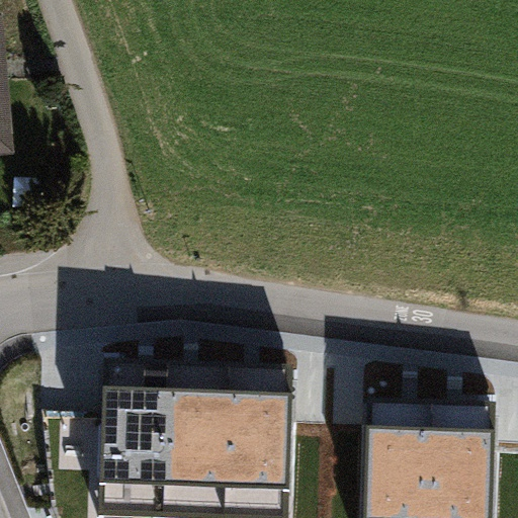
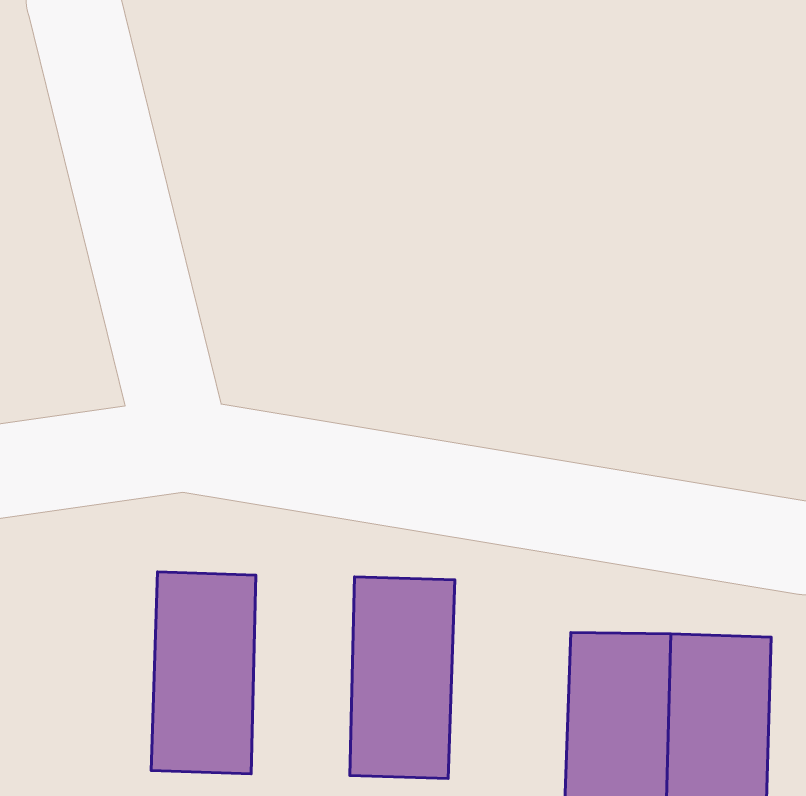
building: [160,376,226,504] -> none

